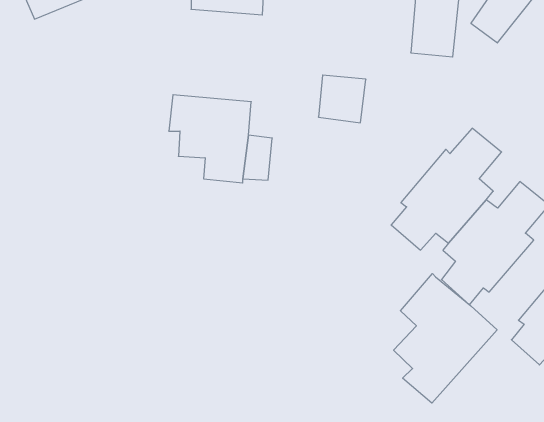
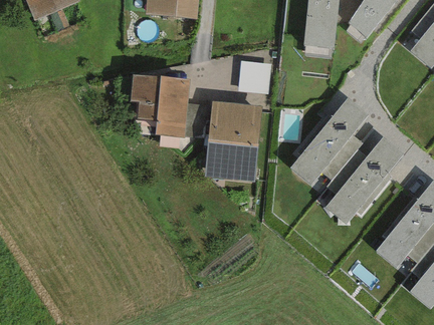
building: none -> [204,100,261,182]
building: [394,274,497,403] -> none

